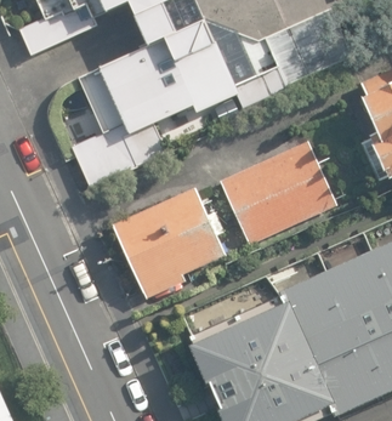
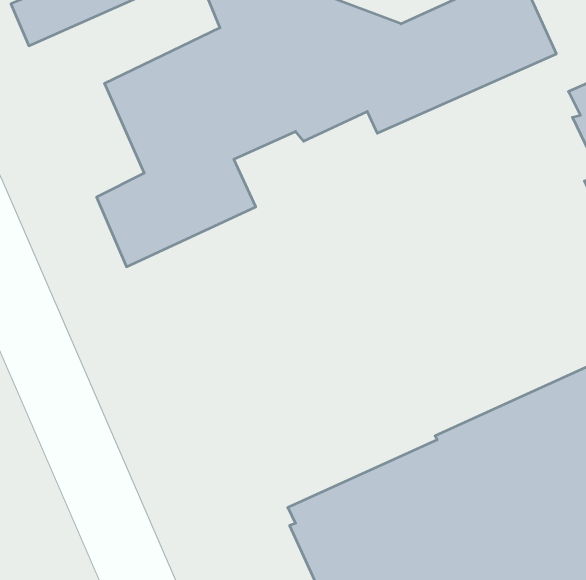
building: [220,140,337,244] -> none
building: [112,186,226,297] -> none

